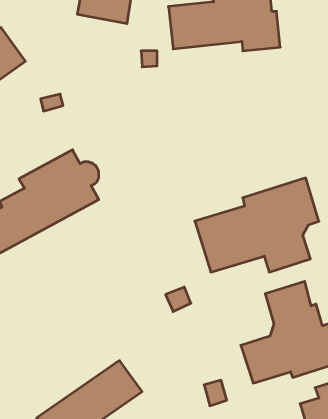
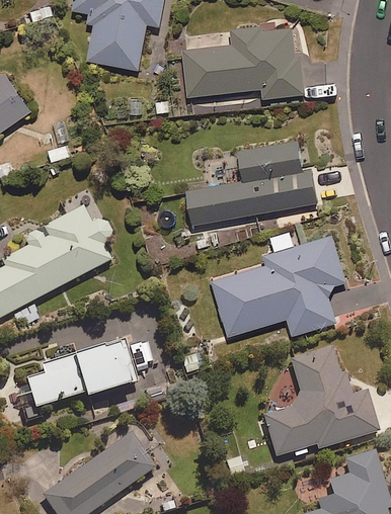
building: none -> [184,140,316,226]
building: none -> [29,340,132,407]

